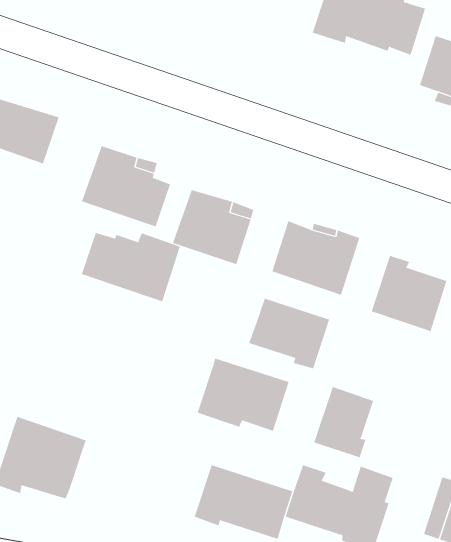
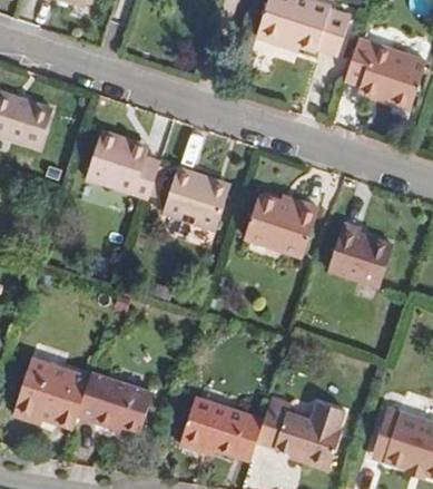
building: [81,232,181,302] -> none
building: [249,298,330,369] -> none
building: [197,358,289,432] -> [75,372,151,433]
building: [314,386,374,458] -> none

